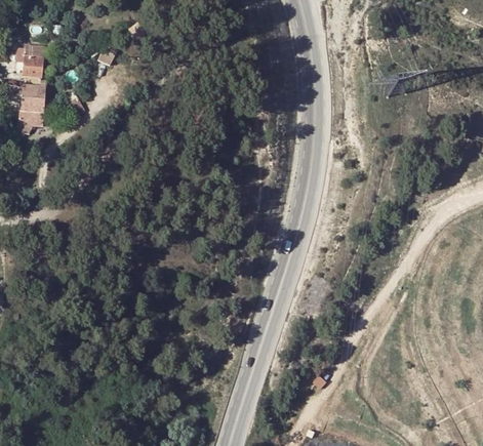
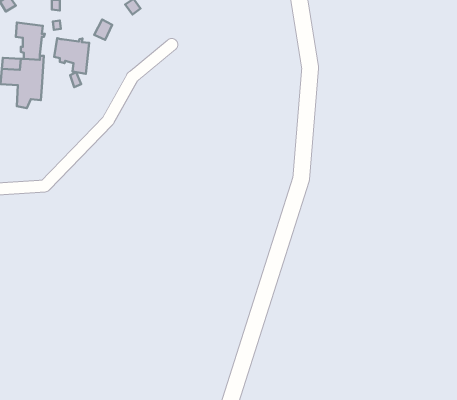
building: none -> [54,38,89,74]

